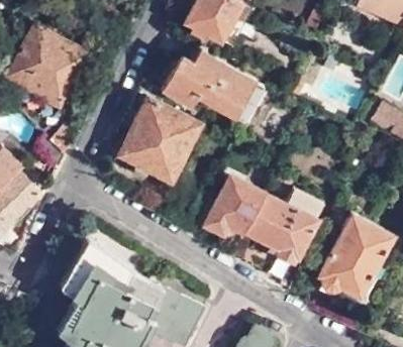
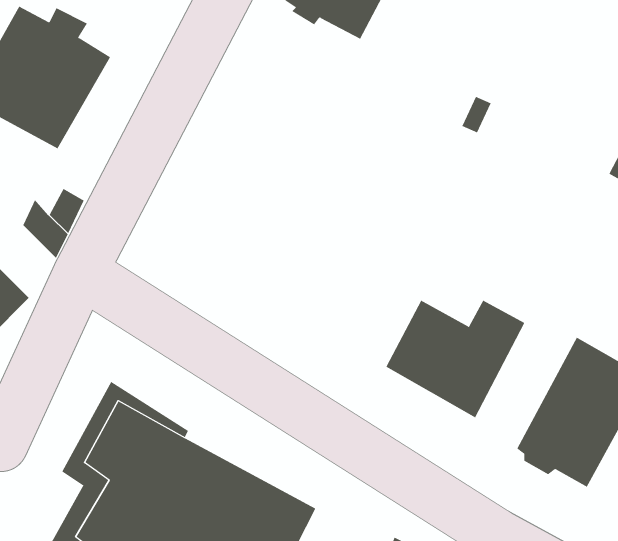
building: [159,41,263,122] -> none
building: [119,98,200,183] -> none
building: [204,182,265,255] -> none

